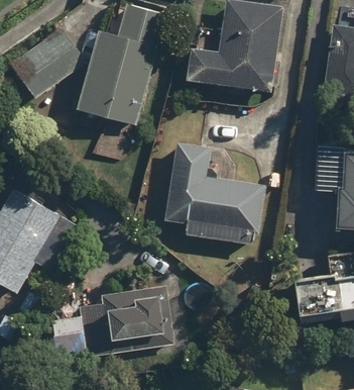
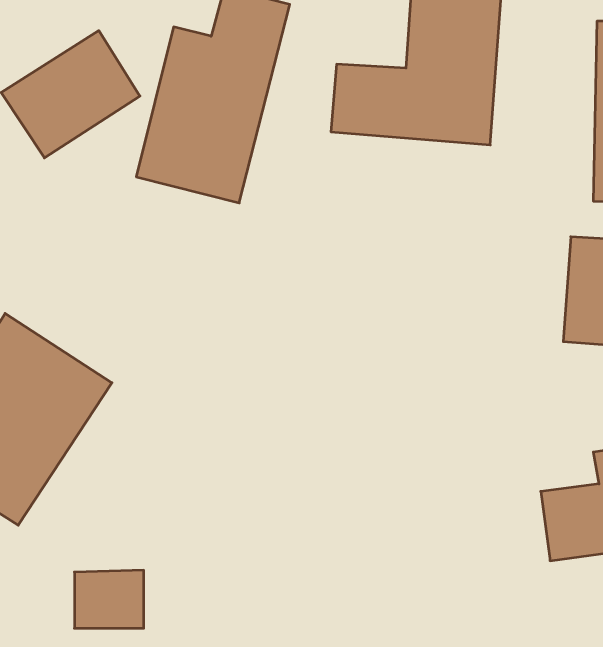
building: [167,141,263,246] -> none
building: [111,292,169,339] -> none

